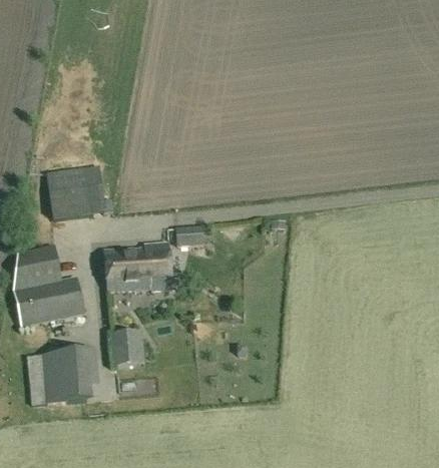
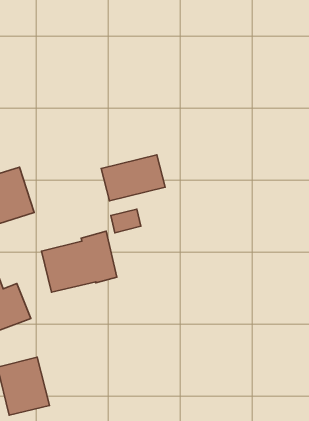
building: none -> [101,155,165,201]
building: [113,333,140,365] -> none

